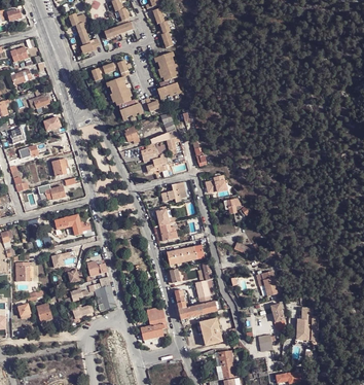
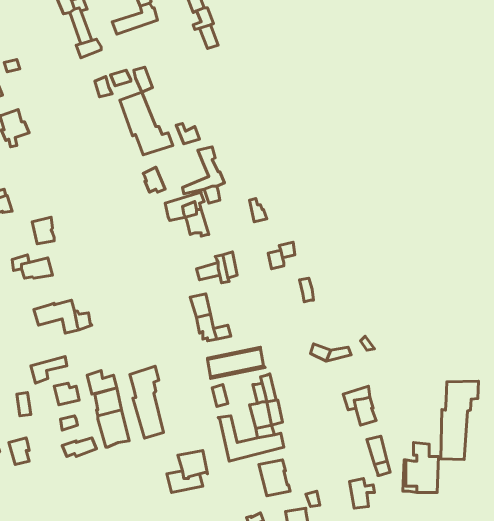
building: [156,51,182,97] -> none
building: none -> [130,366,163,438]
building: none -> [441,381,479,459]

